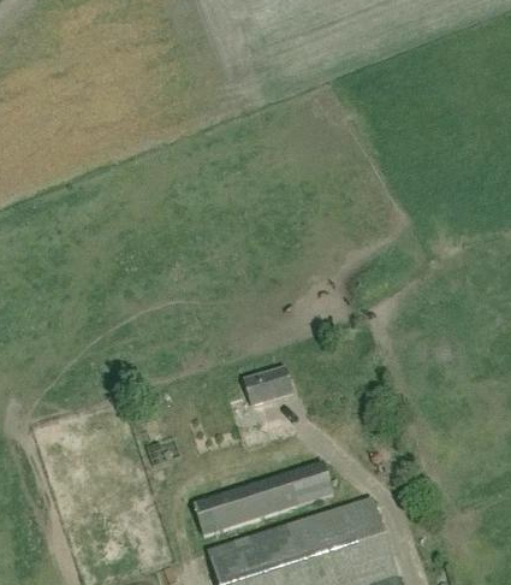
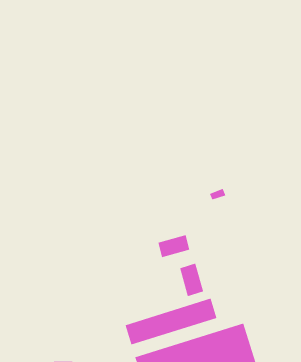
building: none -> [179,263,204,297]

